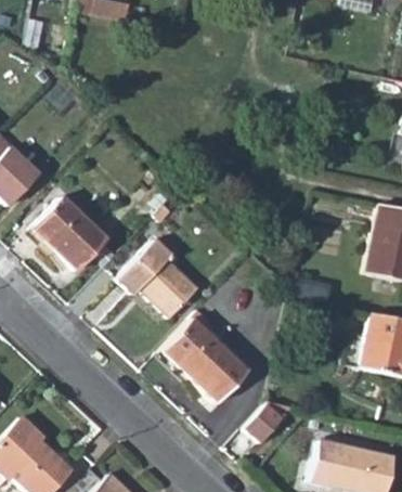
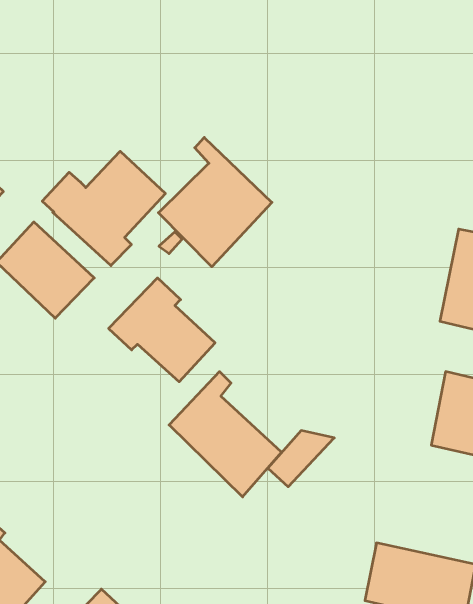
building: none -> [158,137,272,267]
building: none -> [42,151,165,266]
building: [245,400,295,442] -> [268,431,334,487]

